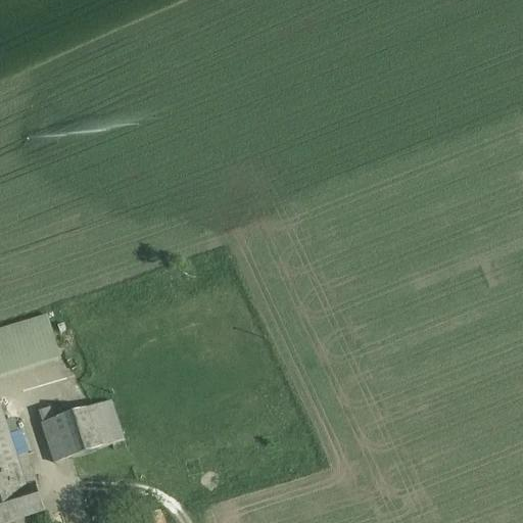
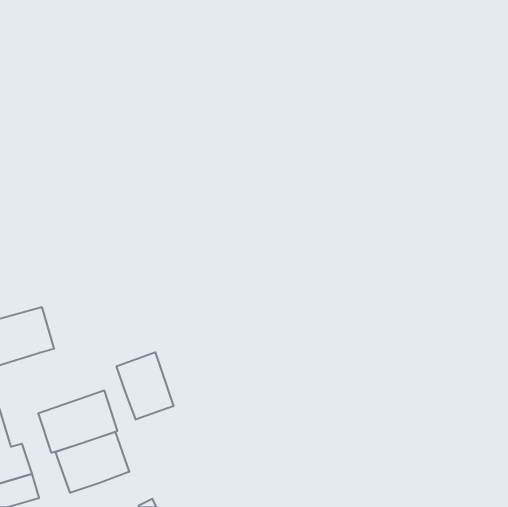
building: none -> [117,352,173,420]
building: none -> [55,432,129,493]

